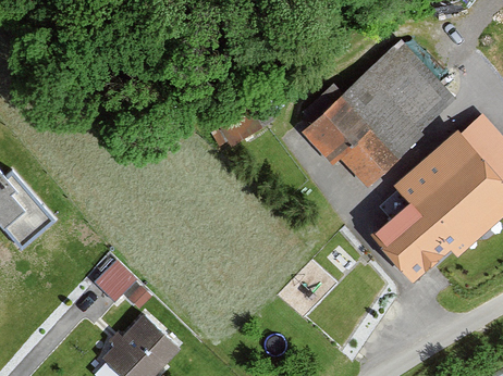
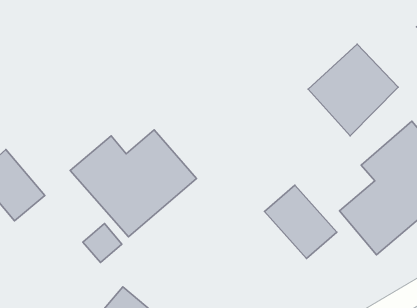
building: [312,100,393,181] -> [265,185,337,258]
building: none -> [70,130,196,237]

